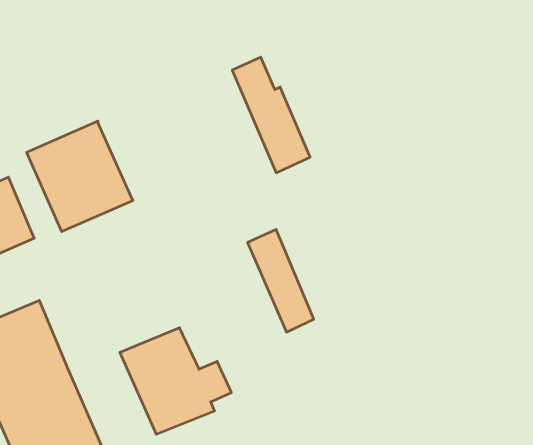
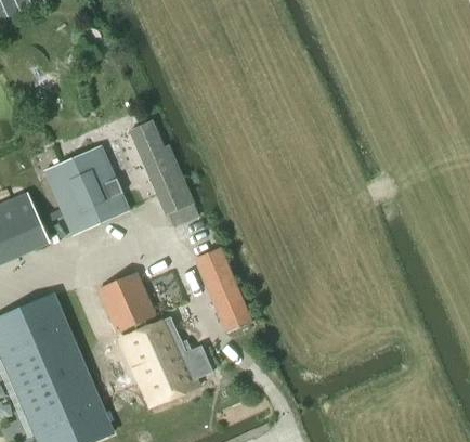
building: [232,57,310,173] -> [128,119,193,216]
building: [248,229,314,332] -> [195,247,250,333]
building: none -> [96,272,155,332]

